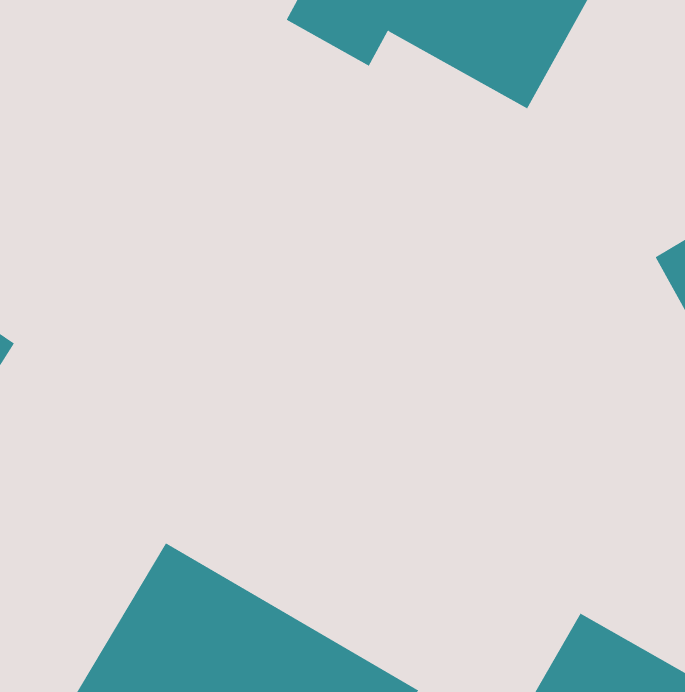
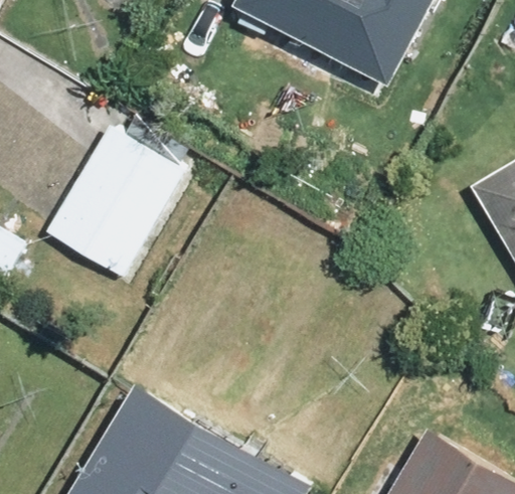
building: none -> [45,126,191,279]

